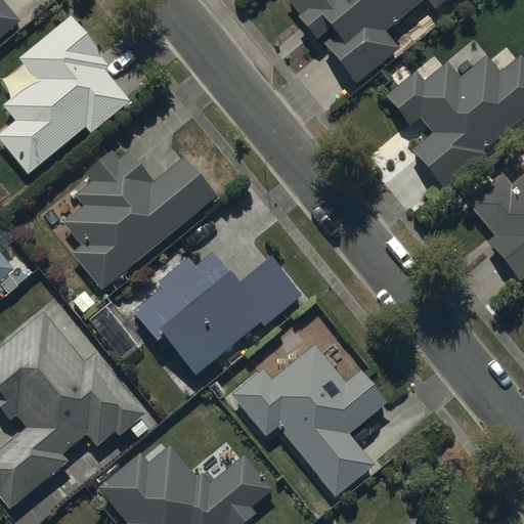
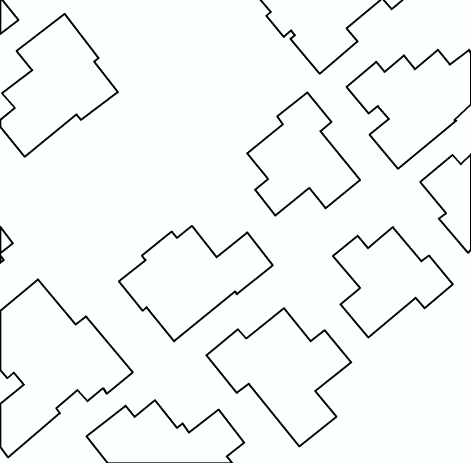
building: none -> [247,92,360,216]
building: [63,148,218,290] -> none
building: none -> [333,227,453,337]

